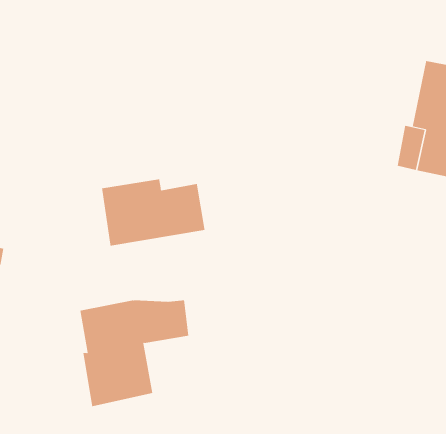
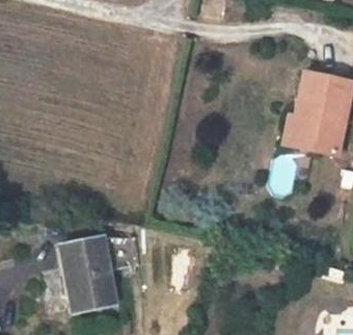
building: [101,178,205,246] -> none

